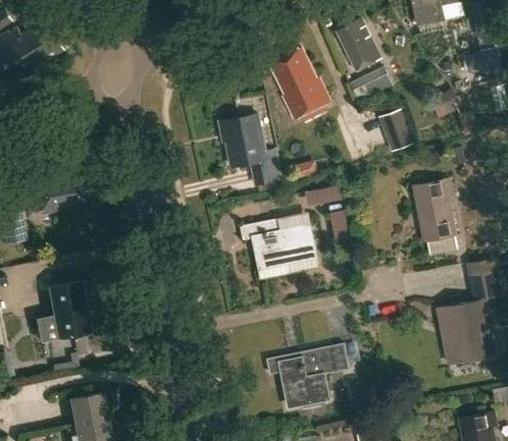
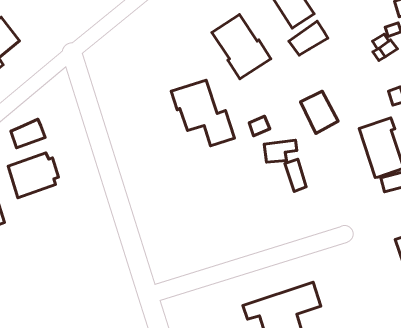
building: [377,108,415,152] -> [300,91,338,133]
building: none -> [11,119,45,148]
building: [240,217,314,266] -> none
building: [48,280,90,337] -> none

